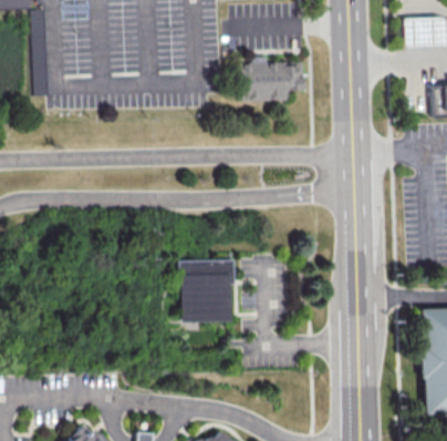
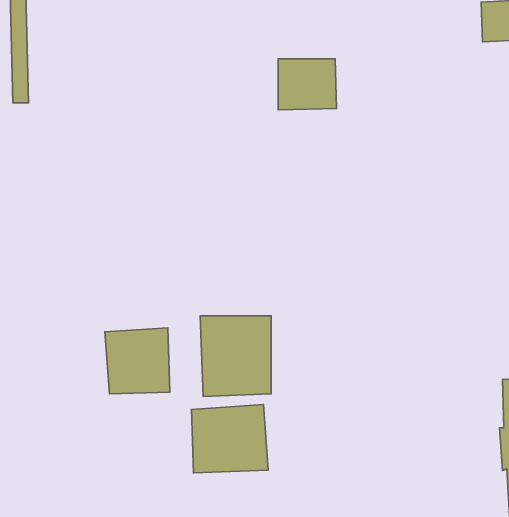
building: none -> [105,328,170,394]
building: none -> [192,404,268,473]

